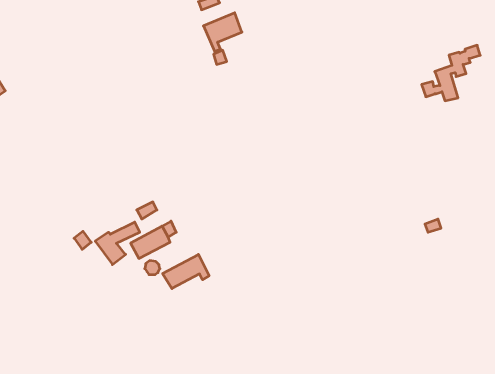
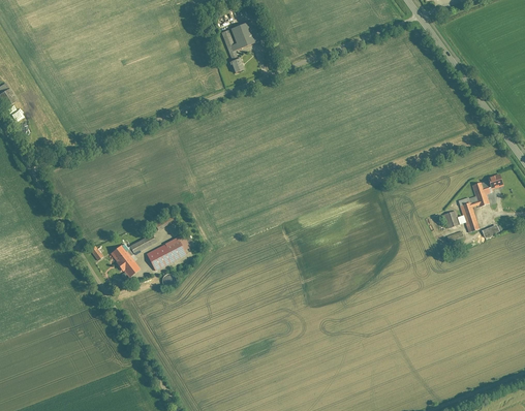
building: [422,45,480,101] -> [443,175,503,231]
building: [163,254,209,289] -> none

